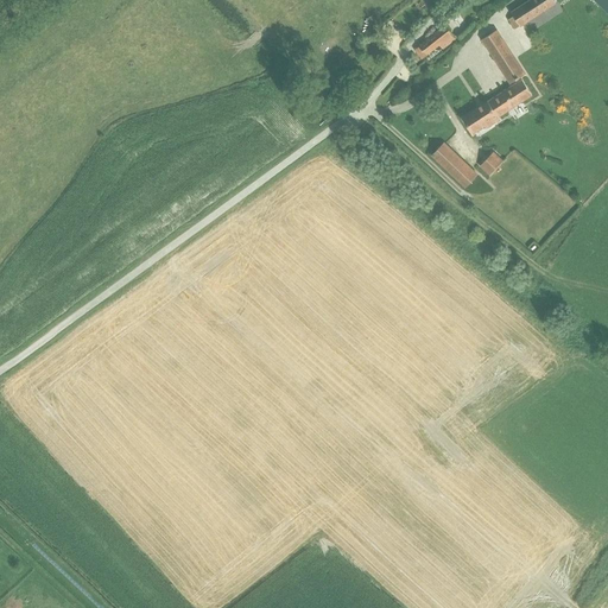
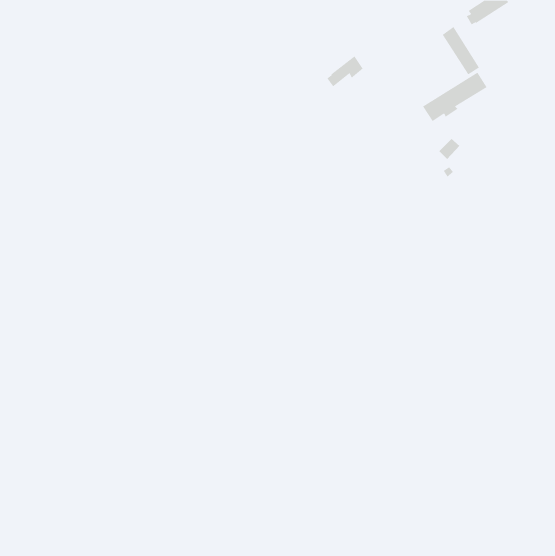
building: [414,24,455,58] -> [326,56,363,87]
building: [430,141,477,186] -> none

